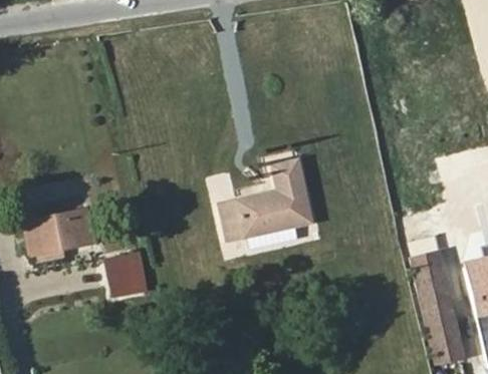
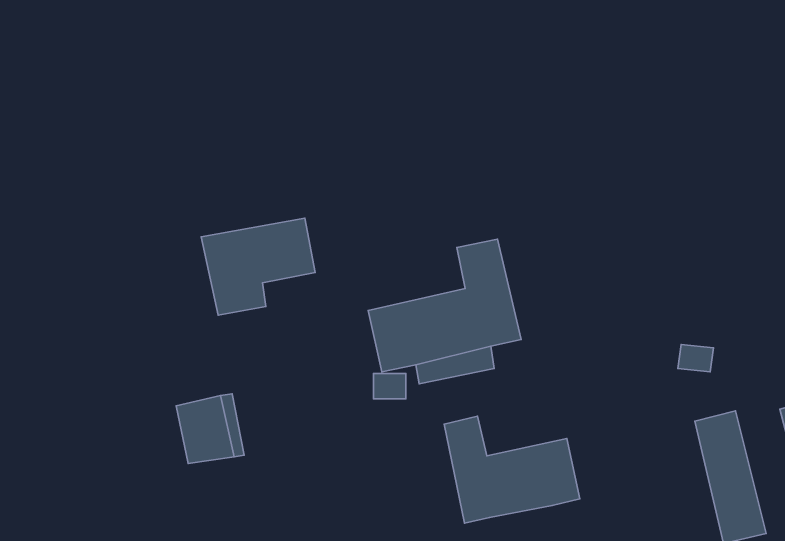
building: [24,210,91,267] -> [201,218,315,315]
building: none -> [444,416,580,523]

